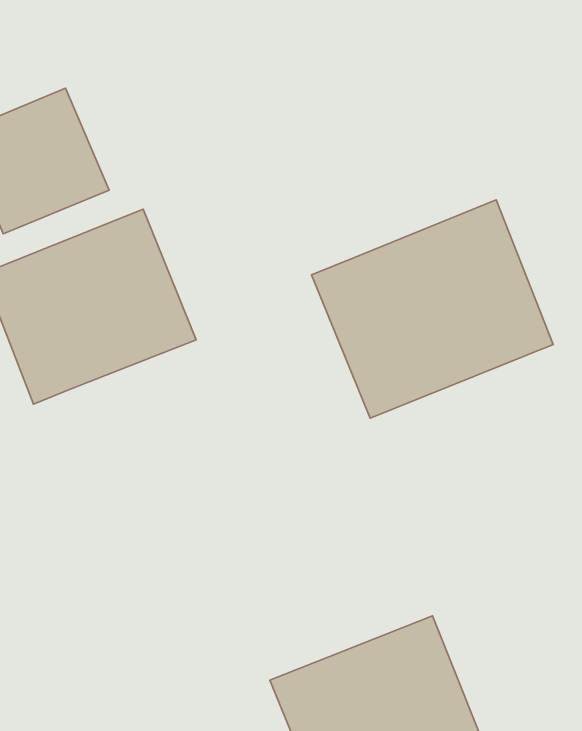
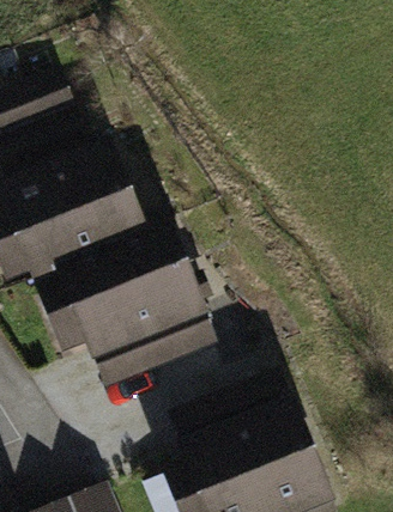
building: [312,200,553,418] -> none
building: none -> [59,234,207,362]

